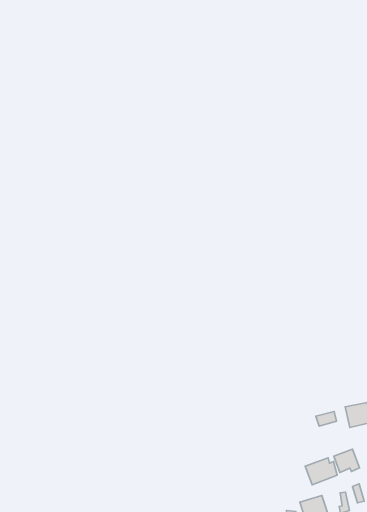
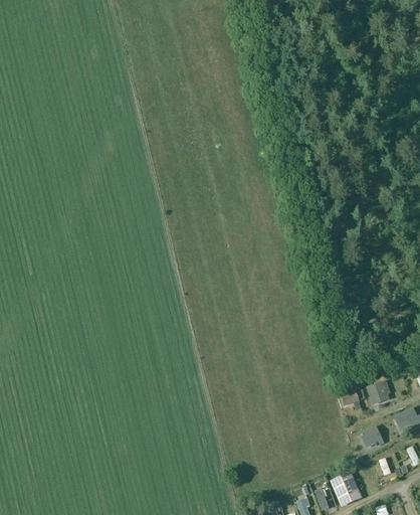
building: [305,458,337,485] -> none

